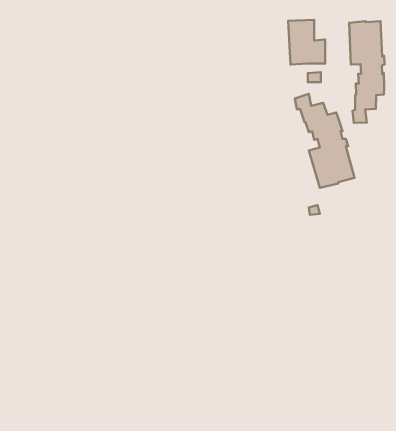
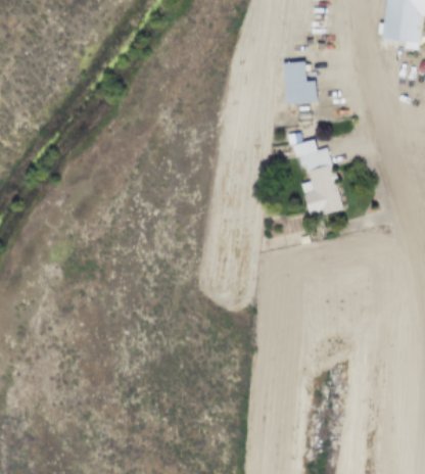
building: [349,21,384,123] -> none

